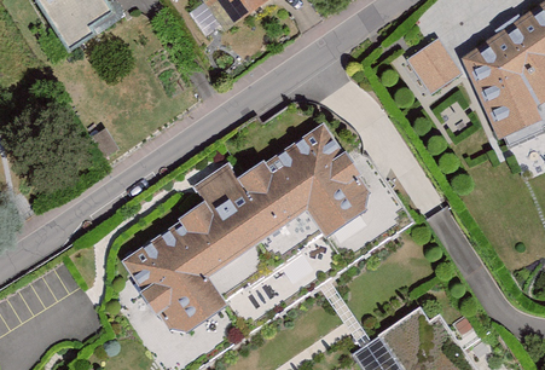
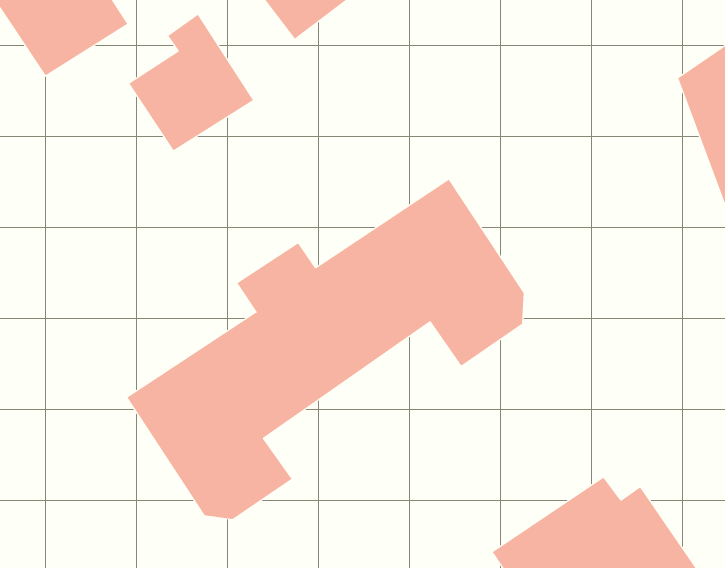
building: none -> [128,14,254,151]
building: [402,36,459,93] -> none

